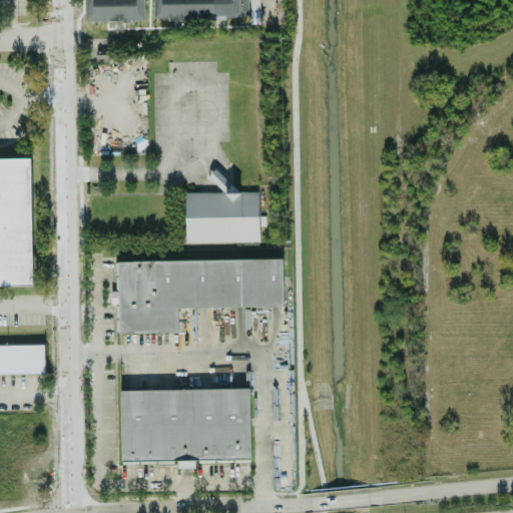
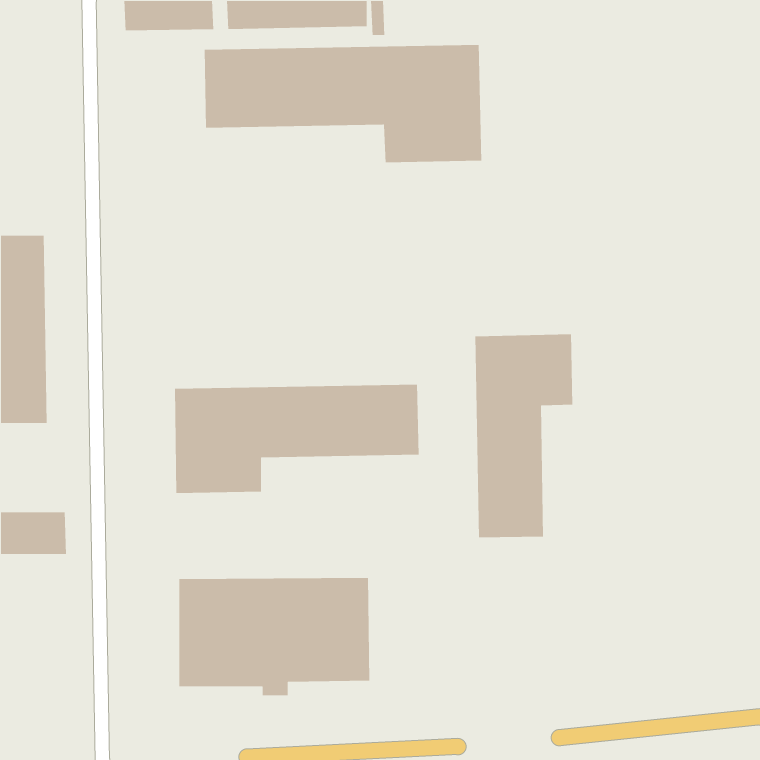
building: none -> [204,44,482,163]
building: [184,188,259,242] -> none
building: none -> [474,334,573,538]

